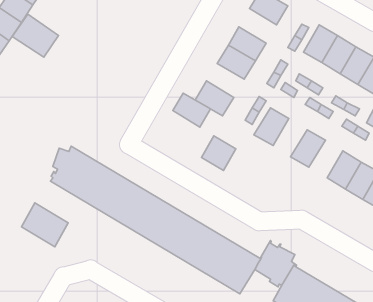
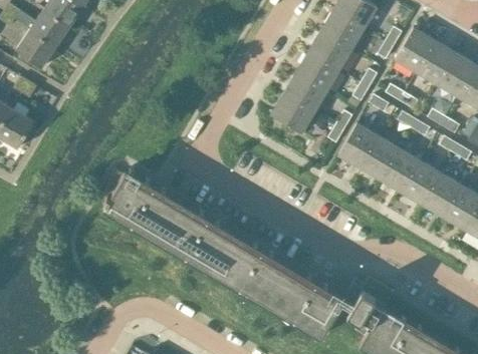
building: none -> [320,10,364,50]
building: [12,14,59,57] -> none
building: [173,93,210,127] -> [283,73,326,112]
building: none -> [360,136,399,181]
building: [202,136,236,170] -> none
building: none -> [401,161,440,205]
building: [21,203,68,247] -> none

